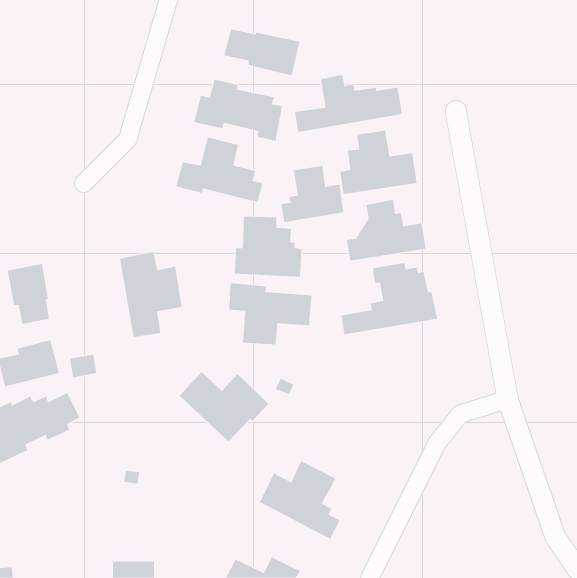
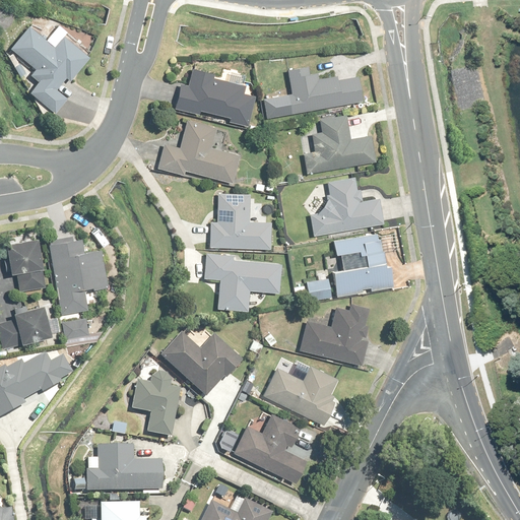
building: [224,29,300,76] -> none
building: none -> [10,26,89,113]
building: [281,165,344,223] -> none
building: [119,252,183,338] -> [50,238,107,315]
building: none -> [300,307,368,365]
building: none -> [263,367,337,426]
building: none -> [131,372,179,436]
building: none -> [73,446,162,495]

